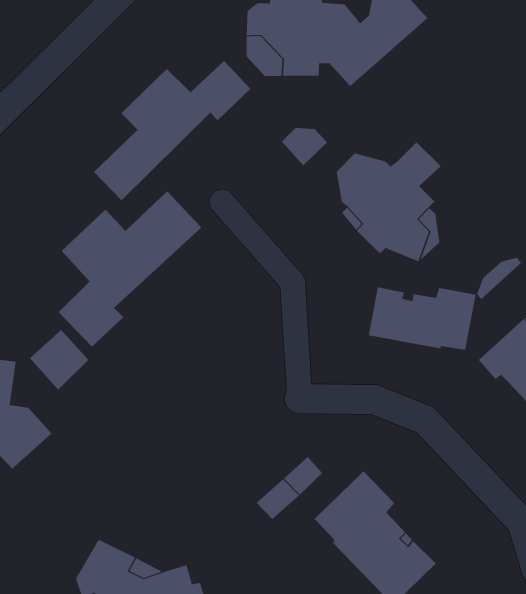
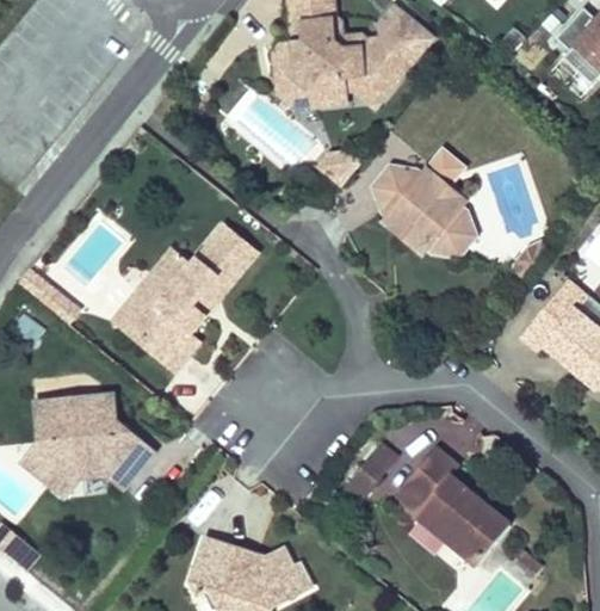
building: [93,60,251,201] -> none
building: [368,287,476,351] -> none
building: [29,329,89,390] -> [112,289,166,344]

